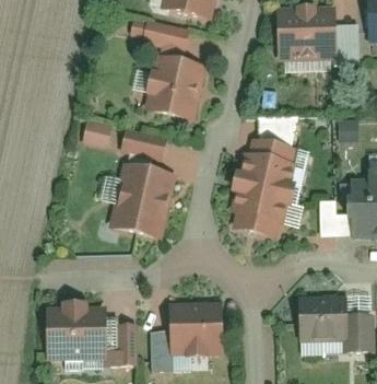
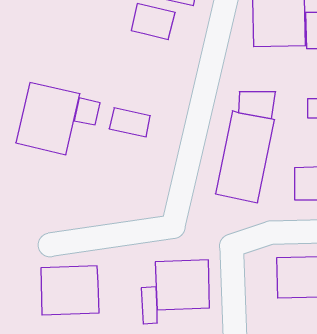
building: [144,50,210,118] -> none
building: [105,164,175,243] -> [16,83,80,155]
building: [107,322,140,365] -> none

